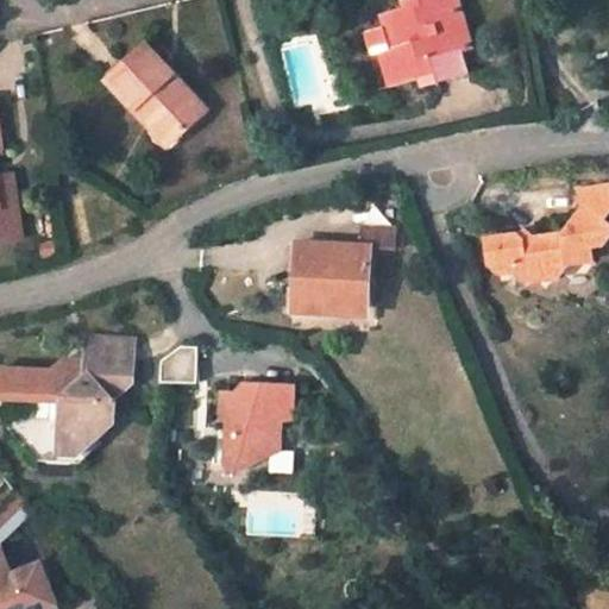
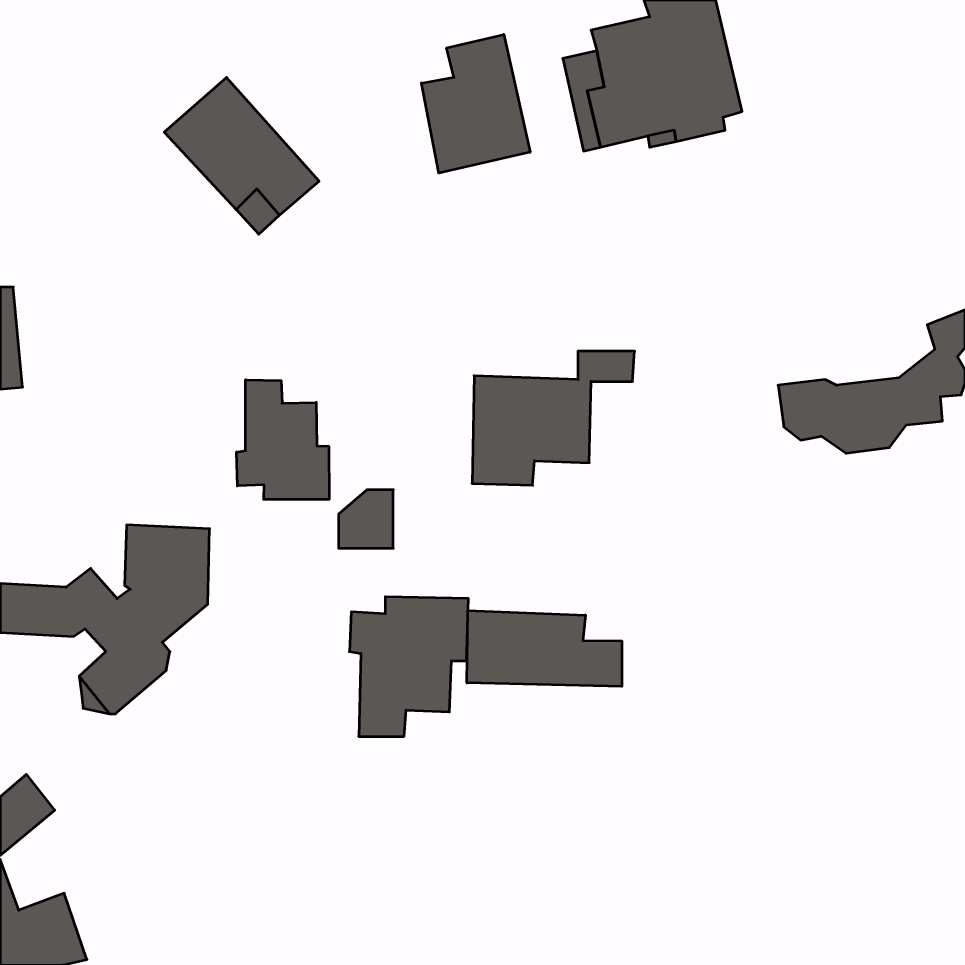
building: none -> [421,34,530,173]
building: none -> [237,380,329,499]
building: [163,343,197,379] -> [339,490,393,548]
building: none -> [467,611,622,686]

